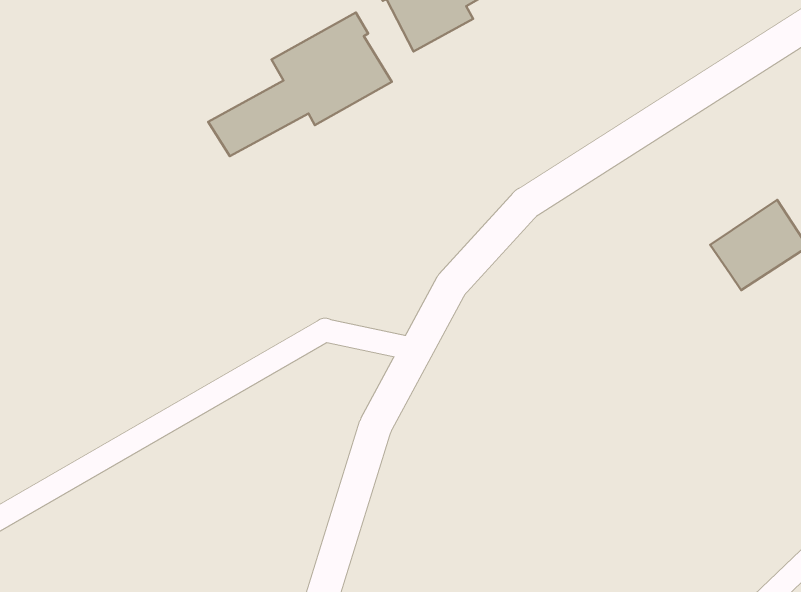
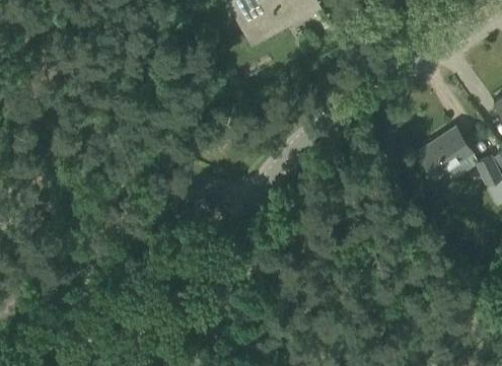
building: [208,12,392,156] -> none

